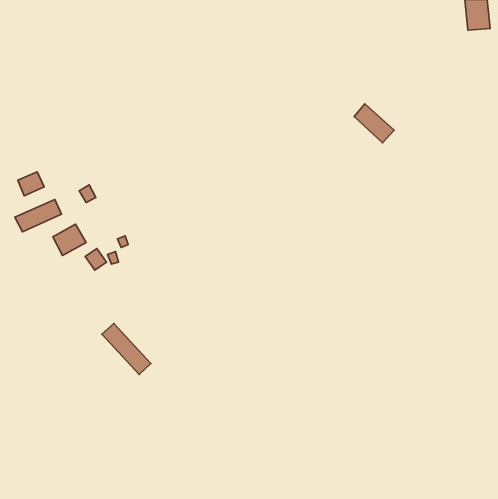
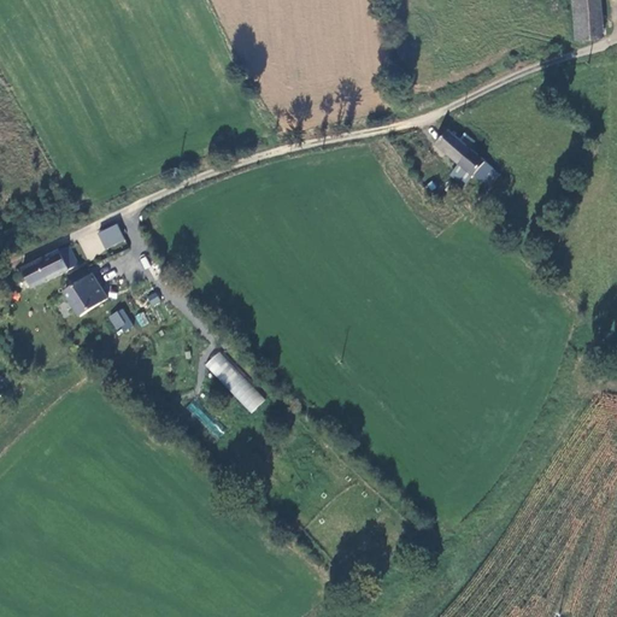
building: [18,172,44,196] -> none
building: [102,323,151,374] -> [202,349,263,412]

